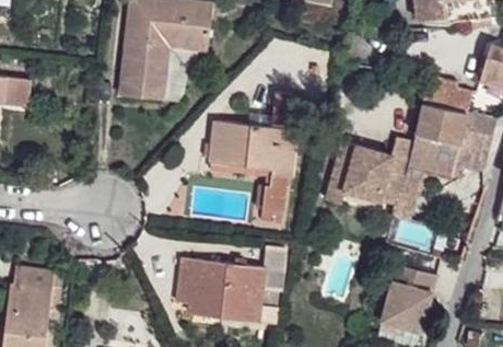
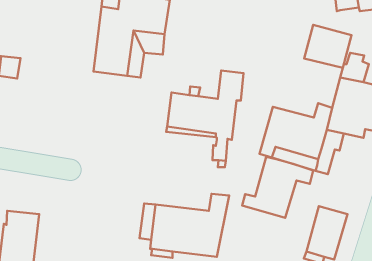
building: none -> [304,25,351,68]
building: none -> [242,157,313,218]

